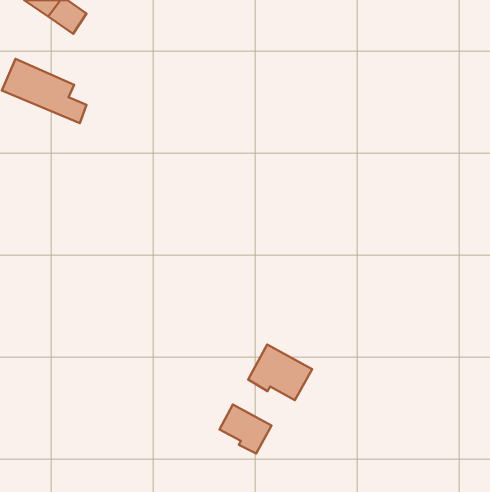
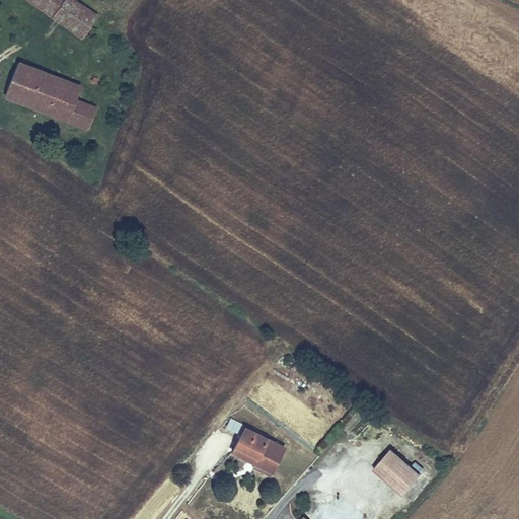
building: [248,345,312,400] -> none
building: none -> [375,449,423,496]

